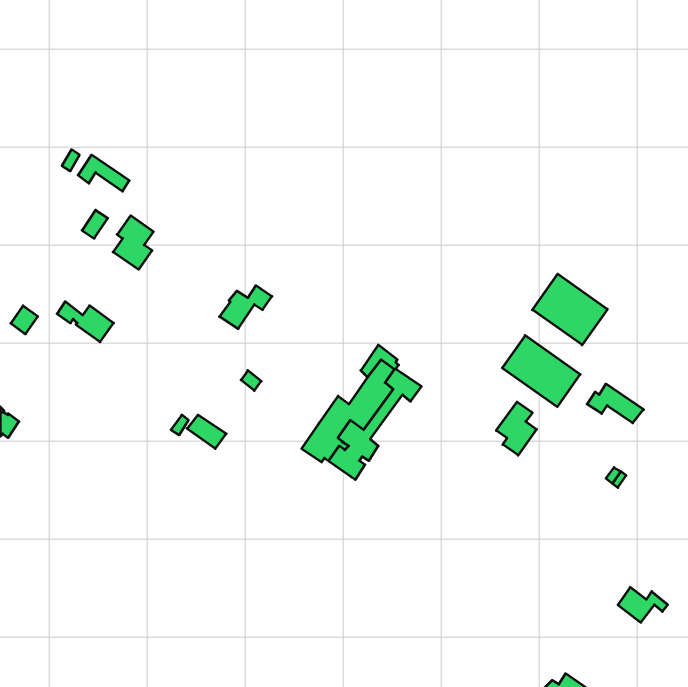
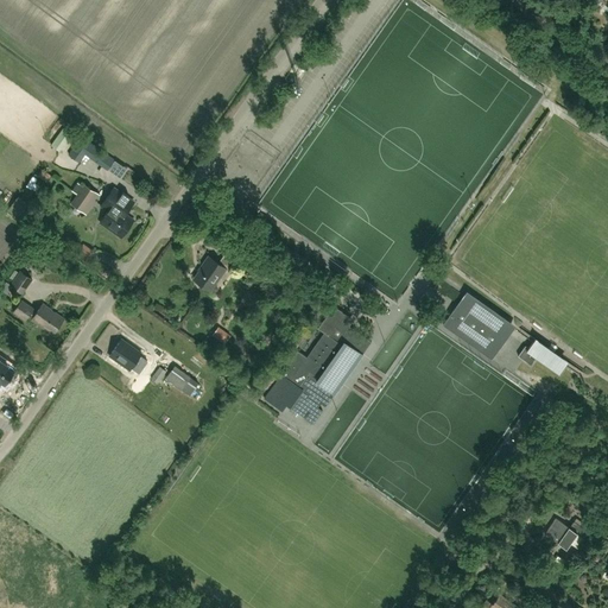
building: [532,274,607,345] -> none
building: [57,302,114,342] -> [14,300,64,336]
building: none -> [109,340,152,387]
building: [496,402,537,455] -> none

